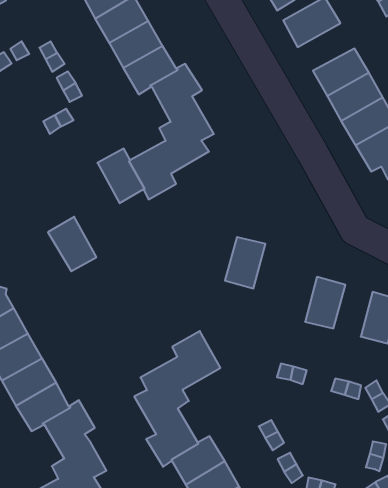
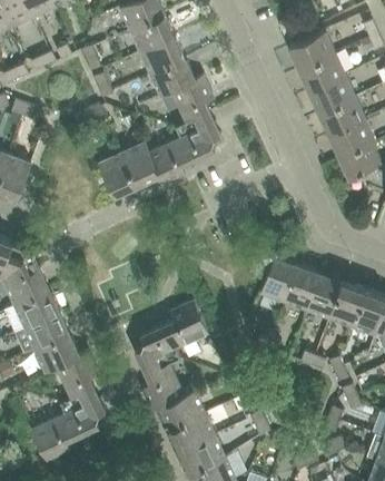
building: none -> [297,53,345,91]
building: [48,217,96,271] -> [97,153,136,198]
building: [225,237,265,289] -> [259,257,296,302]
building: none -> [306,274,342,318]

